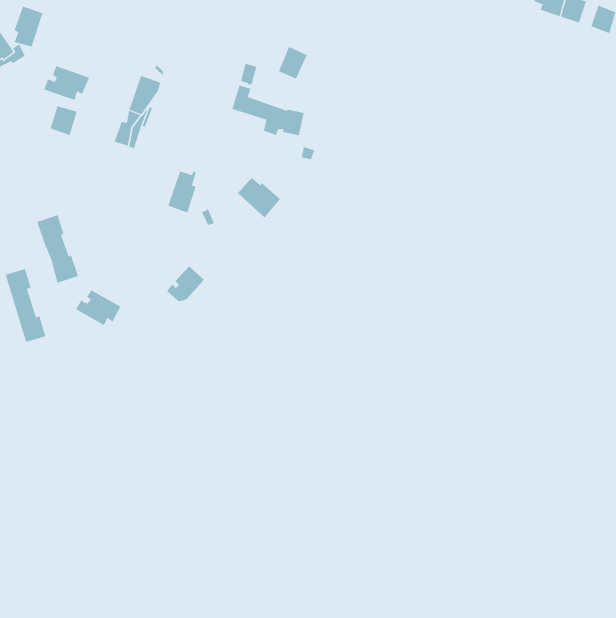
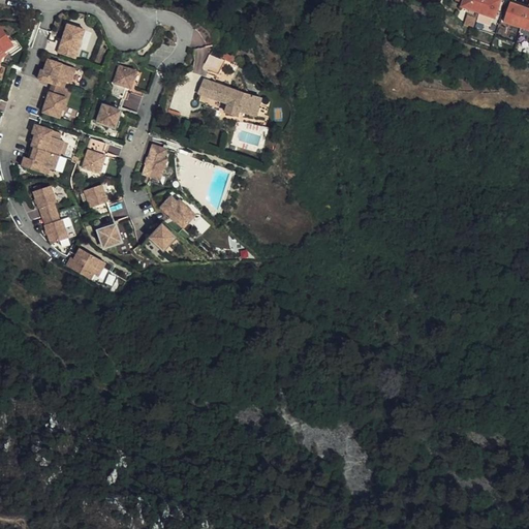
building: [14,6,43,47] -> [60,22,85,57]
building: [278,46,308,79] -> none
building: none -> [20,123,64,174]
building: none -> [81,137,105,173]
building: [237,177,281,219] -> [158,196,195,231]
building: [5,268,46,342] -> [84,183,119,246]

